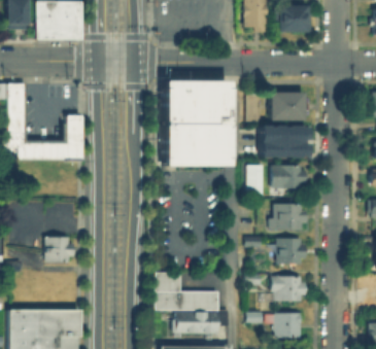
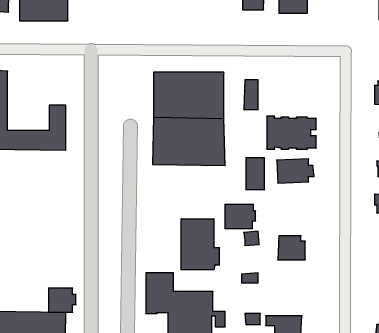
building: [269,94,303,121] -> none
building: [275,204,304,226] -> [225,204,256,229]
building: none -> [181,219,219,270]
building: [46,237,72,259] -> [48,288,76,312]
building: [273,276,304,298] -> none

